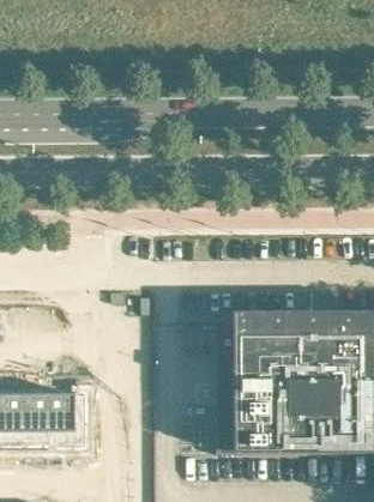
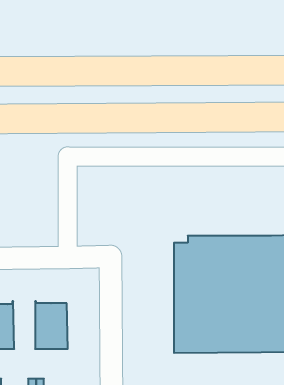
building: [31,389,58,447] -> none

